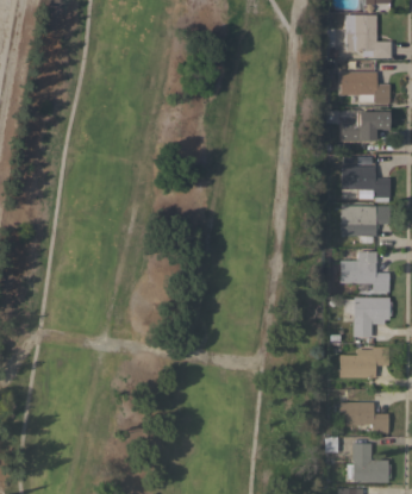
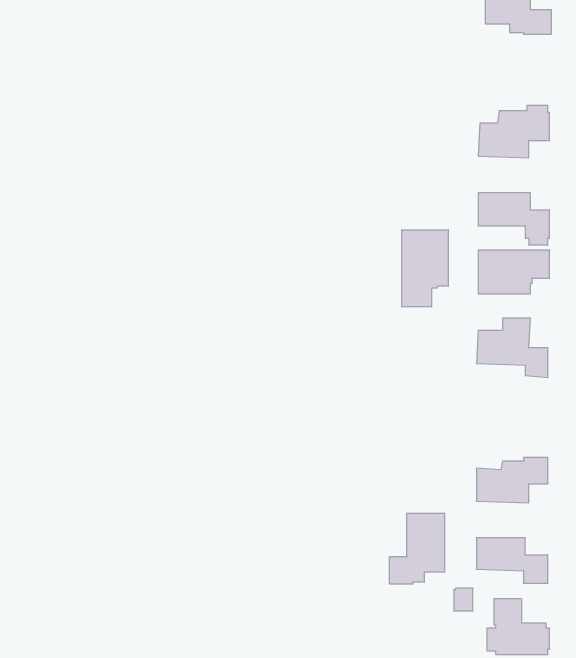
building: [342,73,391,104] -> none
building: none -> [402,230,448,307]
building: [345,298,393,338] -> none
building: none -> [390,513,444,584]

